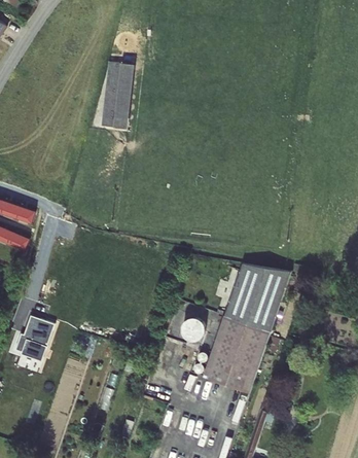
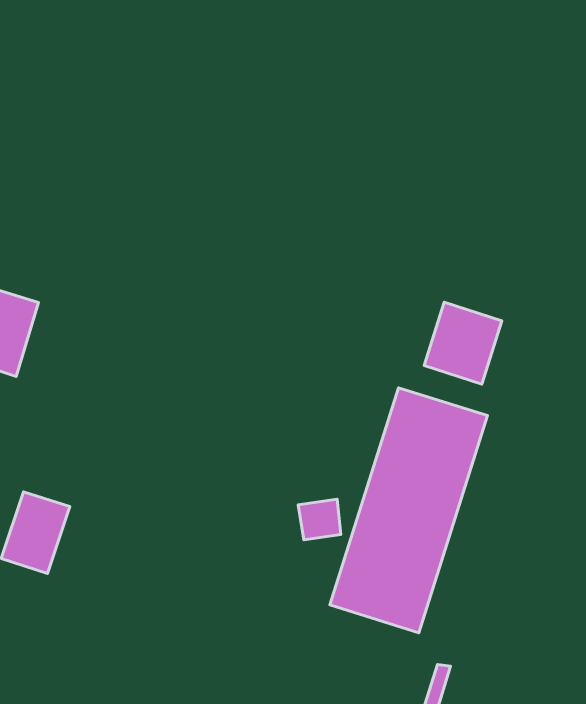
building: [102,62,135,129] -> none
building: none -> [424,302,502,384]

